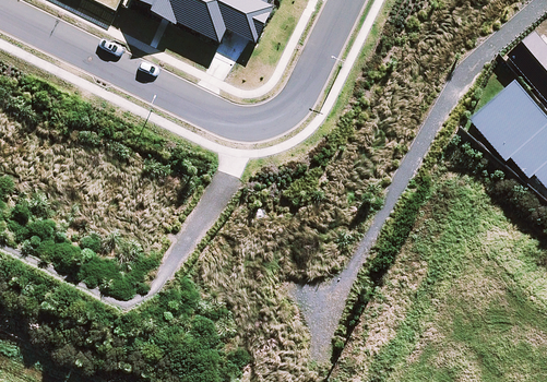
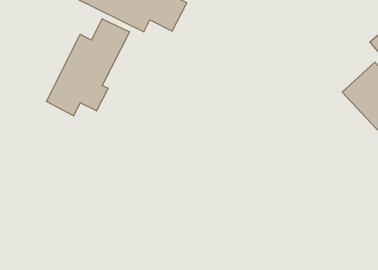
building: none -> [46,19,130,116]

